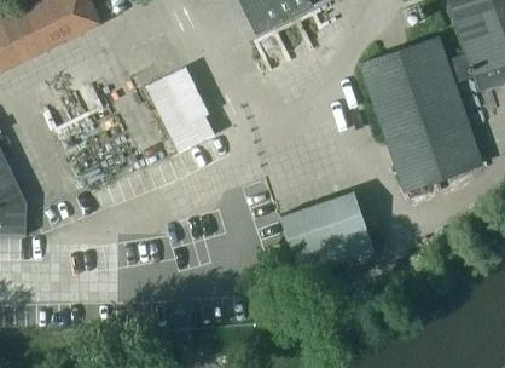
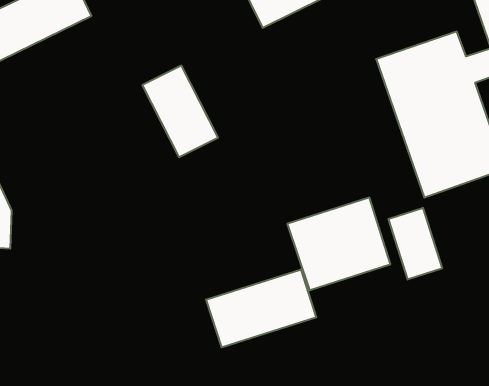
building: none -> [388,208,442,280]
building: none -> [206,269,316,347]

